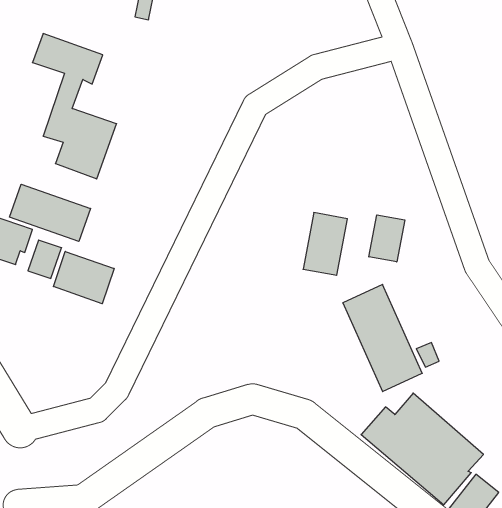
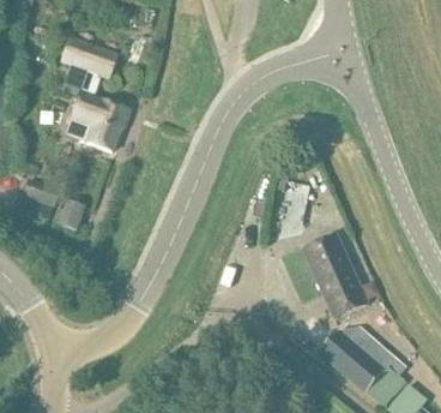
building: [9,184,91,241] -> none
building: [369,215,405,262] -> none
building: [53,251,114,304] -> none

